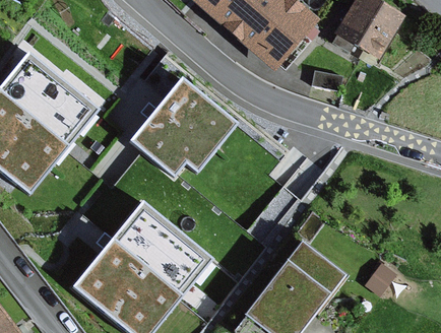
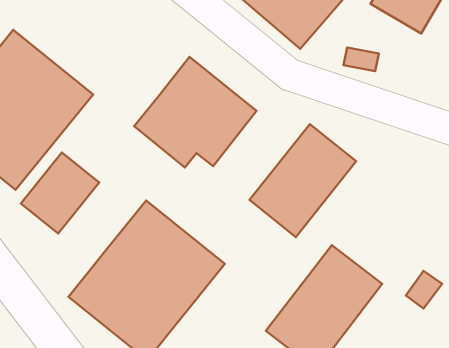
building: none -> [249,124,356,237]
building: none -> [21,153,99,233]

